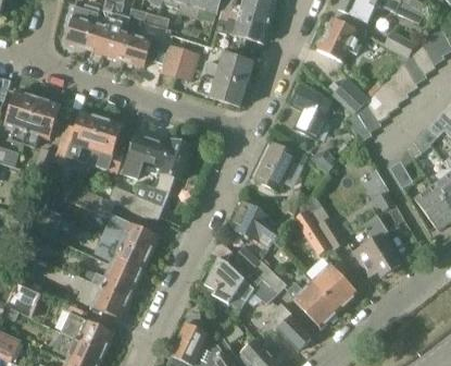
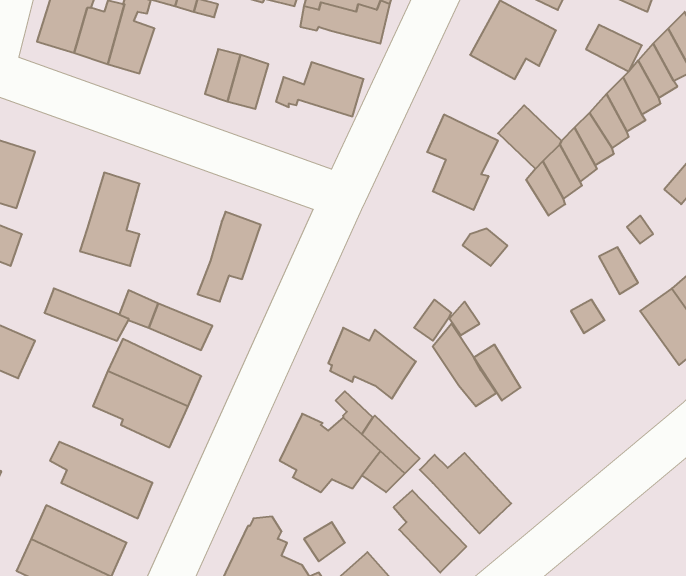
building: [123,32,159,65] -> none
building: [197,74,247,106] -> none
building: [54,110,102,163] -> none
building: [125,133,171,179] -> none
building: [254,142,305,192] -> none
building: [353,216,400,276] -> none
building: [312,263,358,309] -> none
building: [84,264,140,297] -> none

